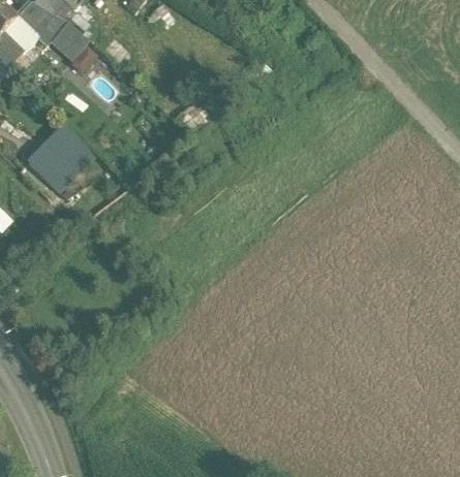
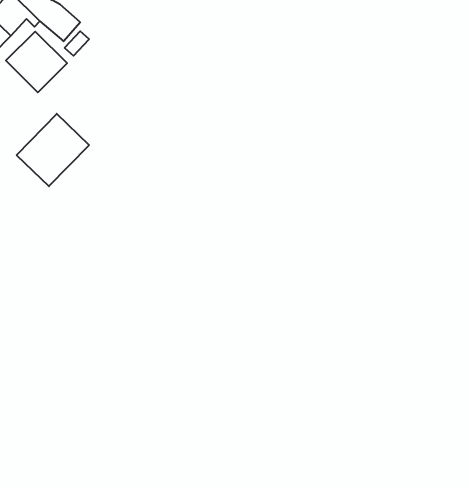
building: none -> [6,32,67,92]

